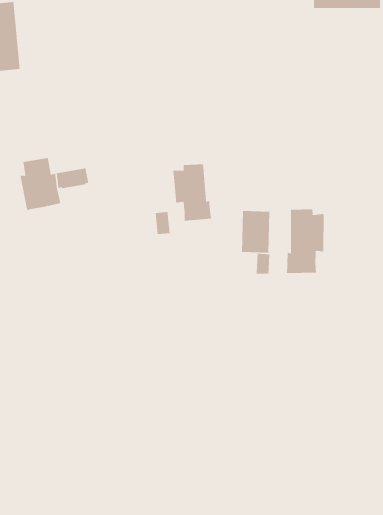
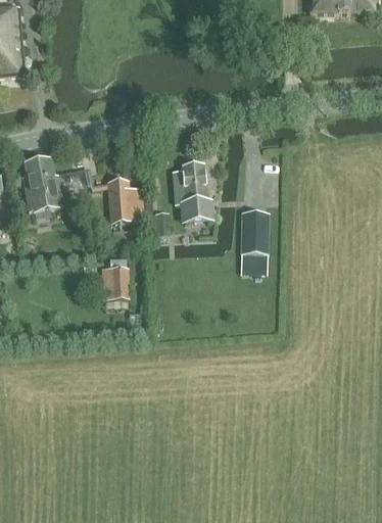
building: none -> [107,179,143,221]
building: [286,208,324,274] -> none
building: none -> [101,264,130,296]

